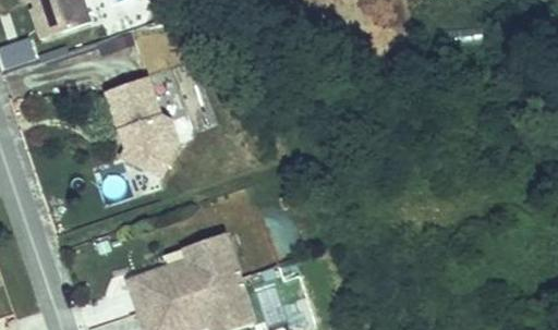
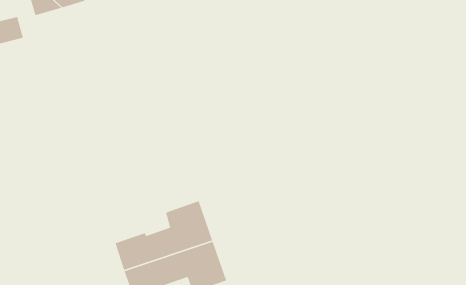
building: [101,76,178,180] -> none

